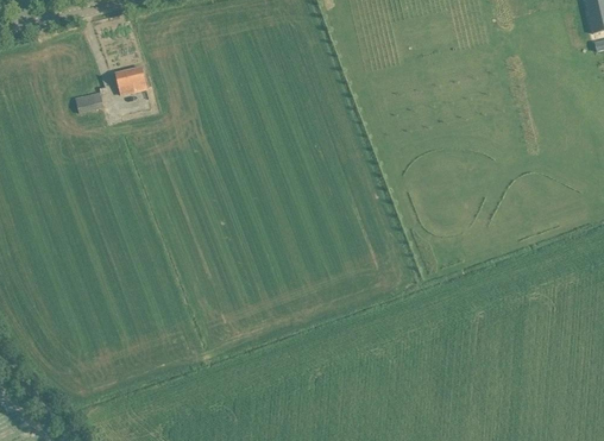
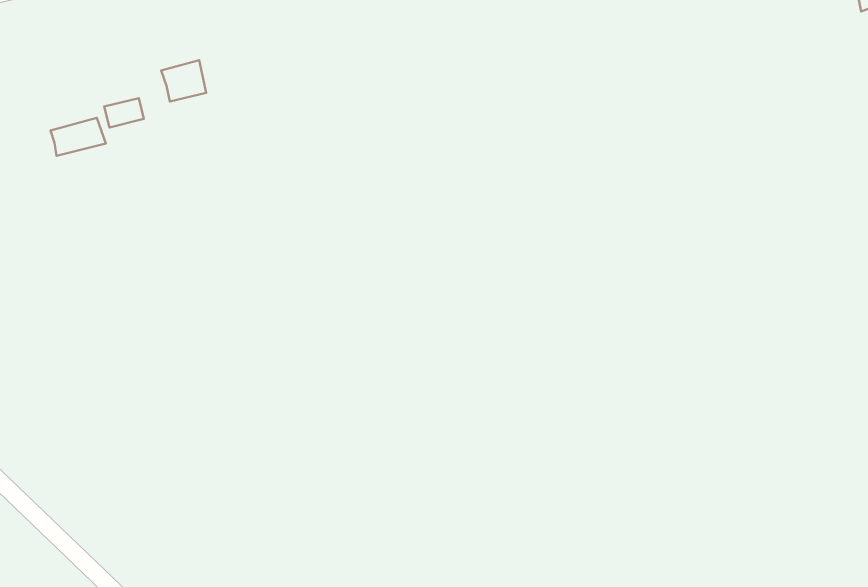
building: none -> [50,118,106,156]

